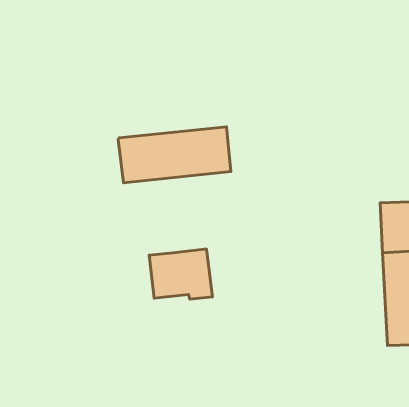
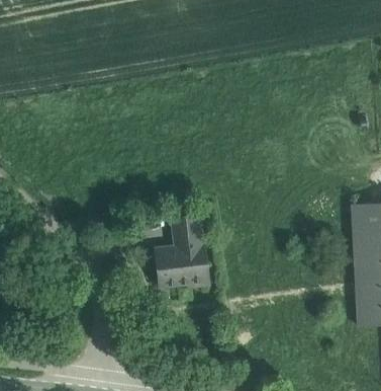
building: [118,127,231,183] -> none
building: none -> [173,215,202,247]

